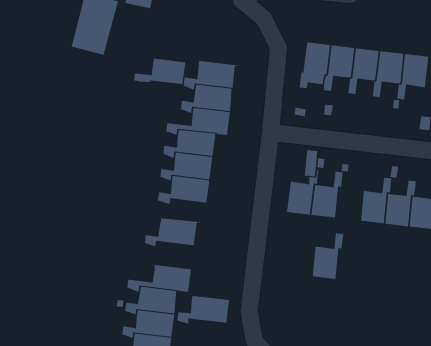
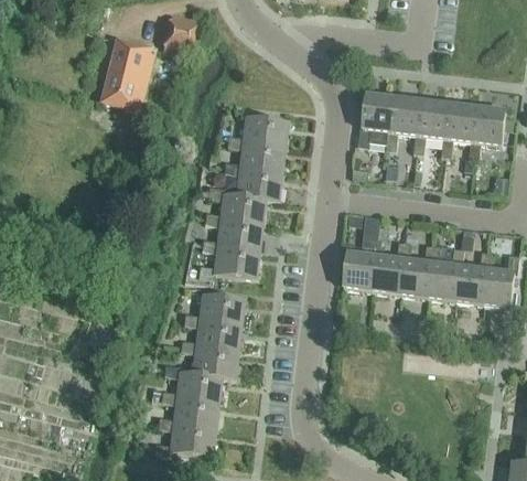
building: [133,58,186,85] -> none
building: [312,233,344,279] -> [400,243,437,296]
building: [176,295,233,325] -> [180,319,244,352]

